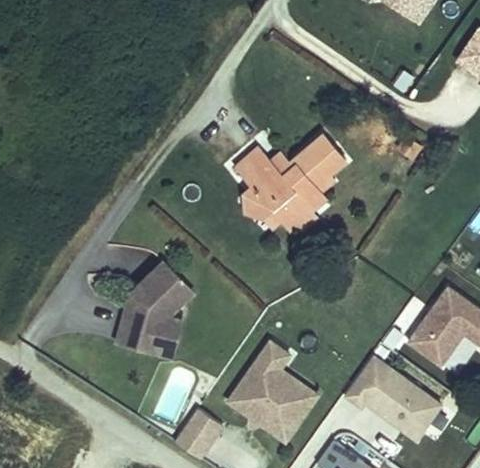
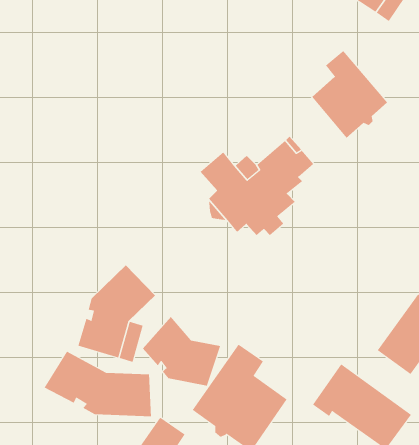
building: none -> [311,50,388,138]
building: none -> [142,316,221,387]
building: none -> [44,351,151,417]

